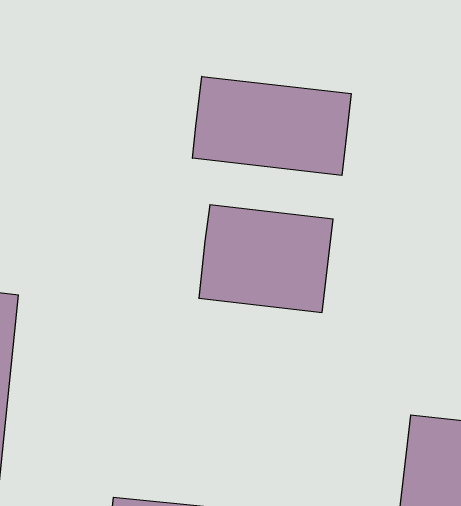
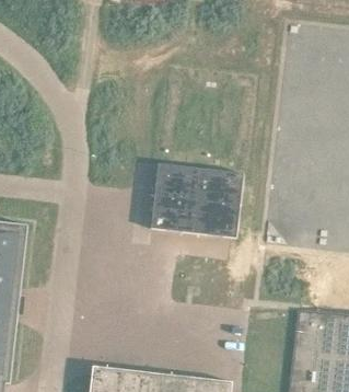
building: [193,76,351,175] -> none

